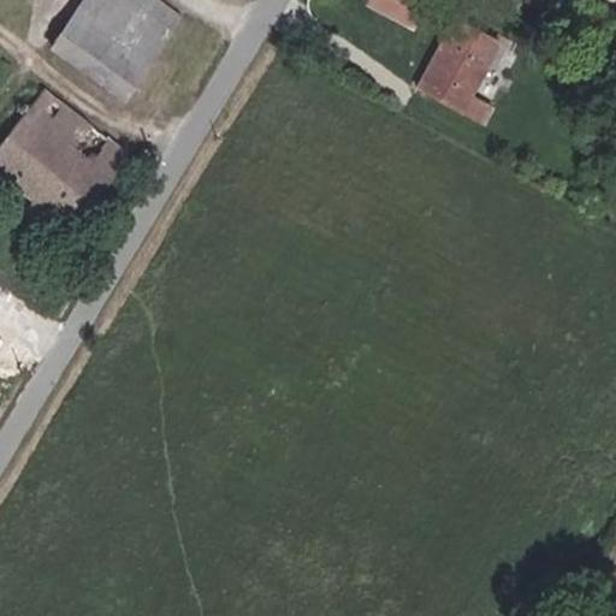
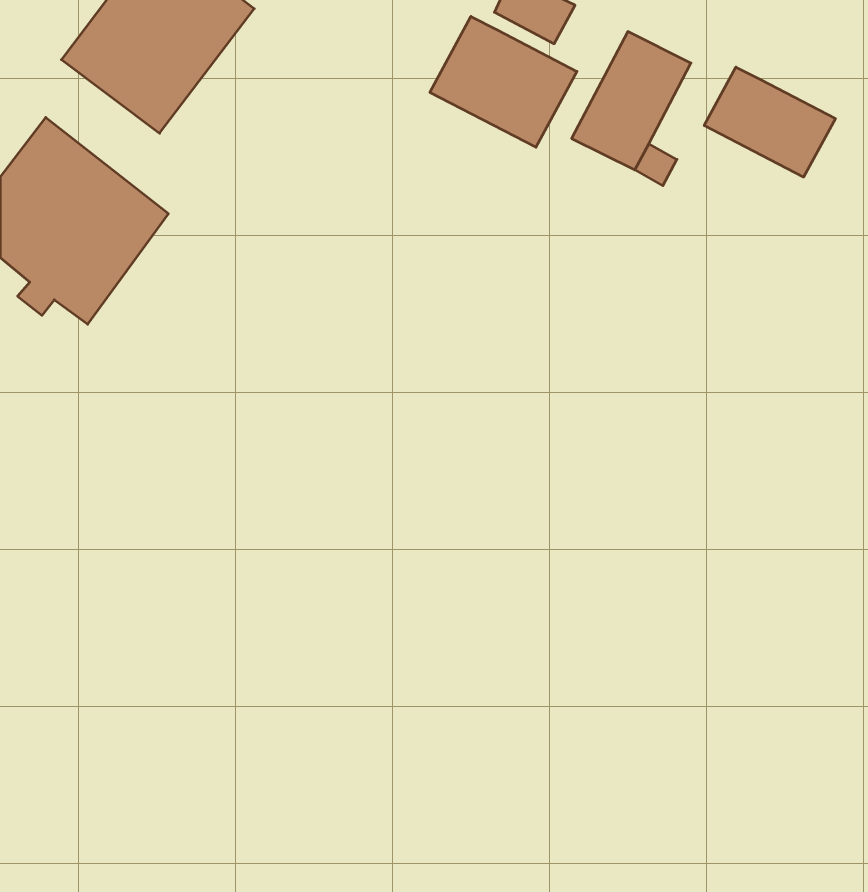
building: none -> [430,16,577,147]
building: none -> [704,67,835,177]

